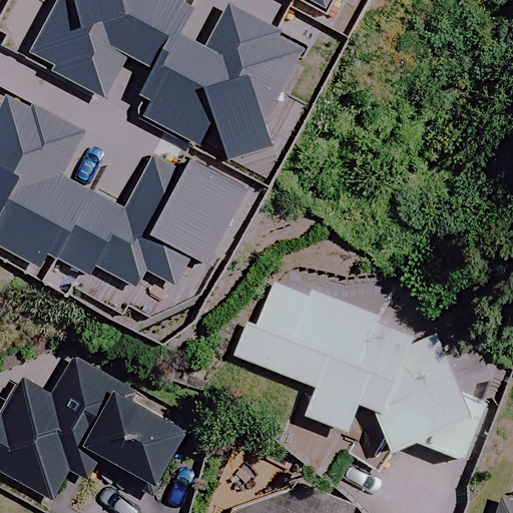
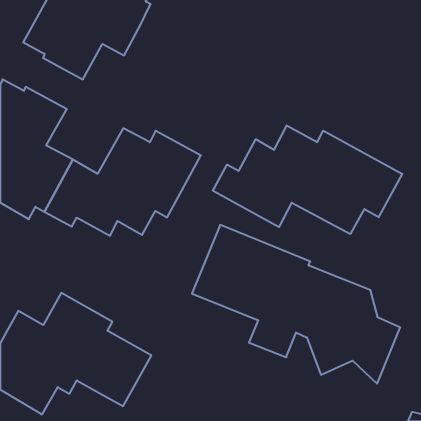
building: [138,4,300,159] -> none
building: none -> [213,125,402,234]

